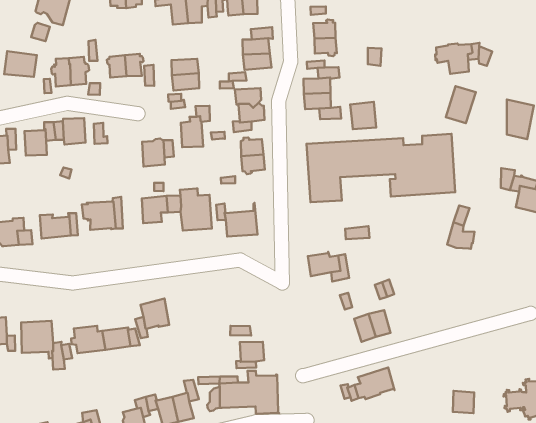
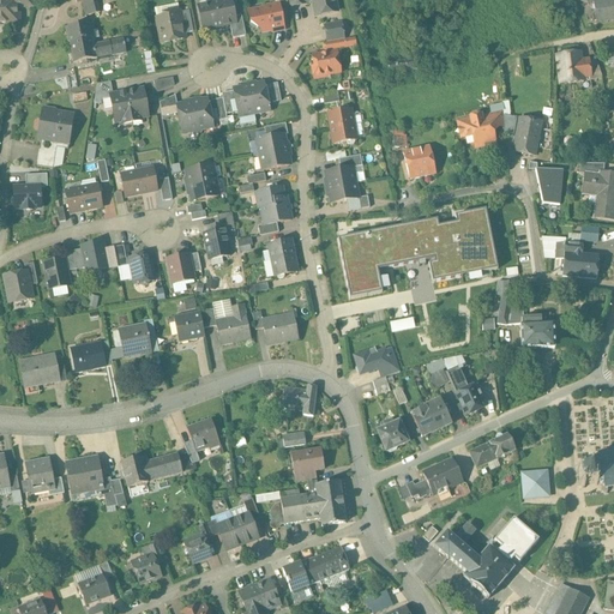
building: [446,86,476,123] -> [513,115,541,152]
building: [350,102,376,129] -> [404,144,434,175]
building: none -> [130,252,155,283]
building: none -> [519,315,554,348]
building: none -> [281,384,317,414]
building: none -> [446,363,483,414]
building: none -> [377,417,408,451]
building: none -> [468,432,514,466]

